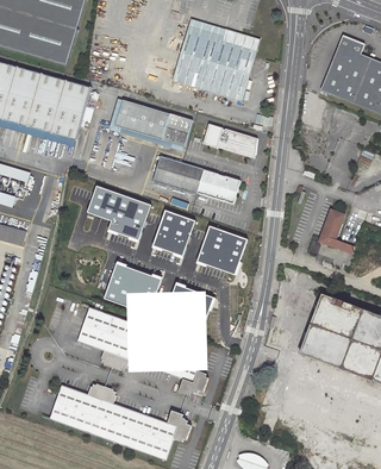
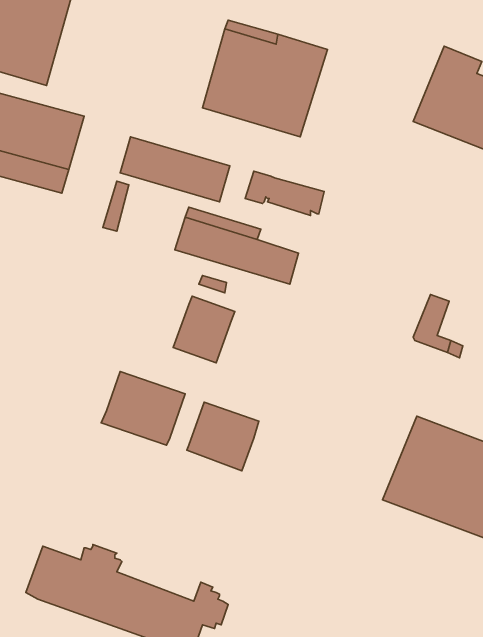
building: [87,186,151,240] -> none
building: [198,226,248,274] -> none
building: [77,308,208,394] -> none

